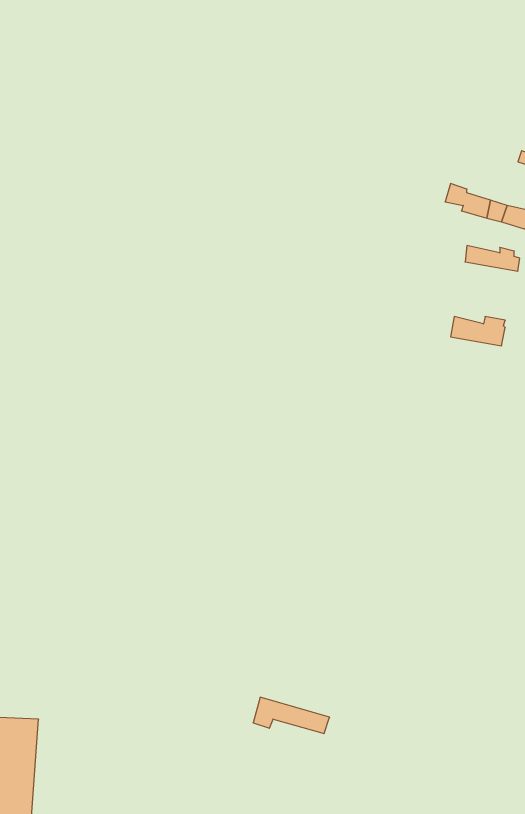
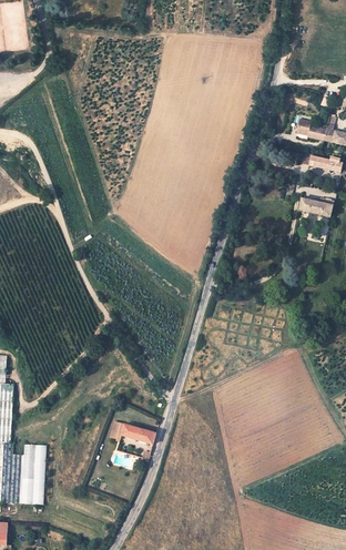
building: [253,697,330,734] -> [109,420,155,442]

